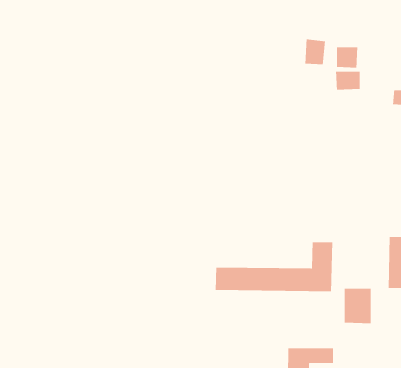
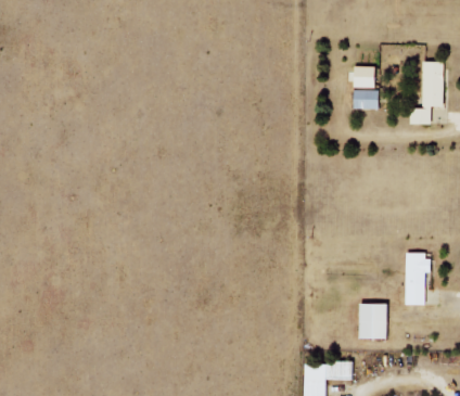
building: [305,39,326,65] -> none
building: [215,241,333,292] -> none

